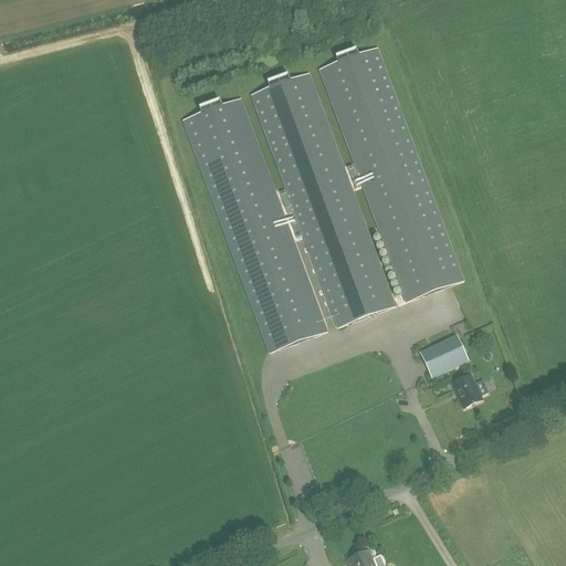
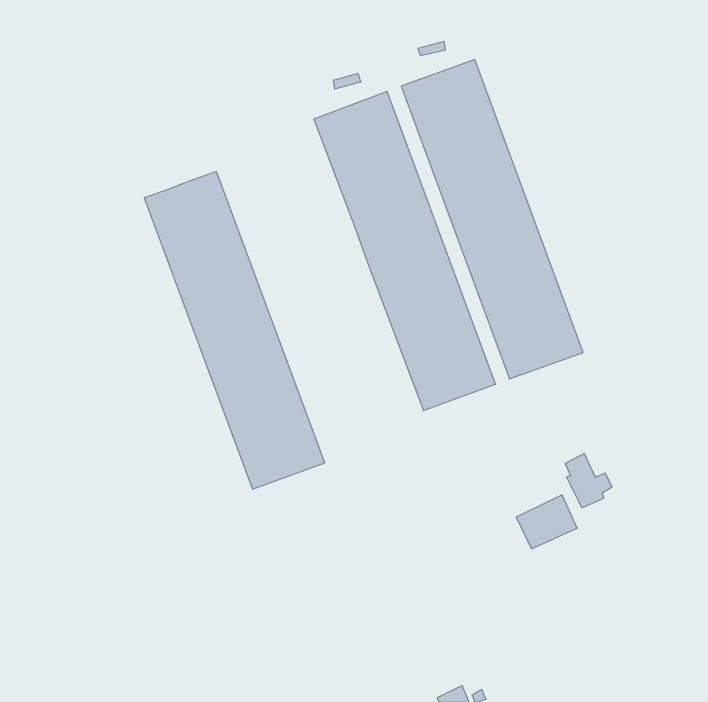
building: [182,96,326,349] -> [144,172,325,489]
building: [418,329,467,373] -> [516,495,577,549]

